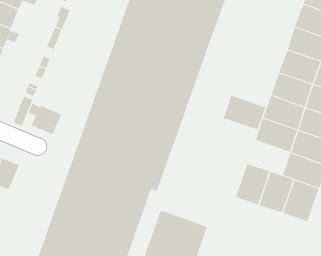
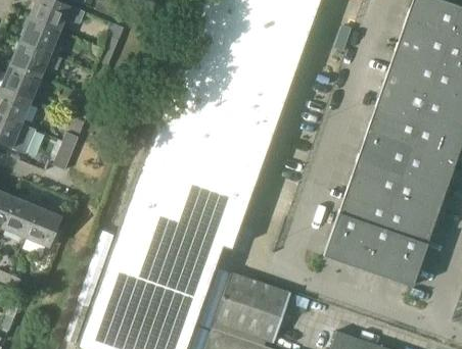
building: [223,95,266,130] -> [339,187,392,230]
building: [28,103,62,135] -> none

